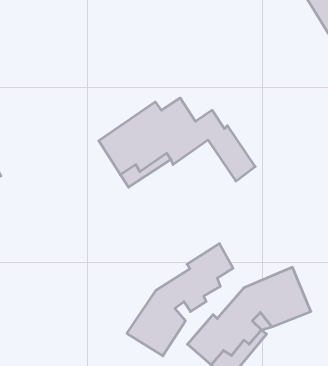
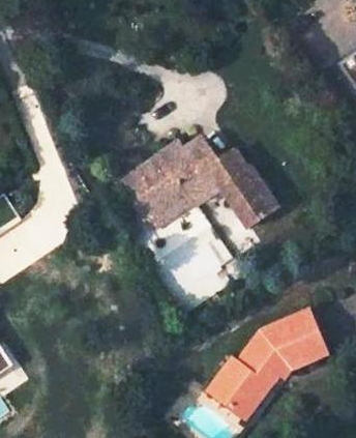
building: [127,244,233,356] -> none

